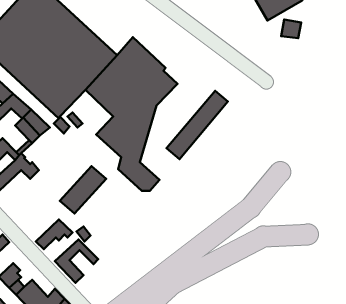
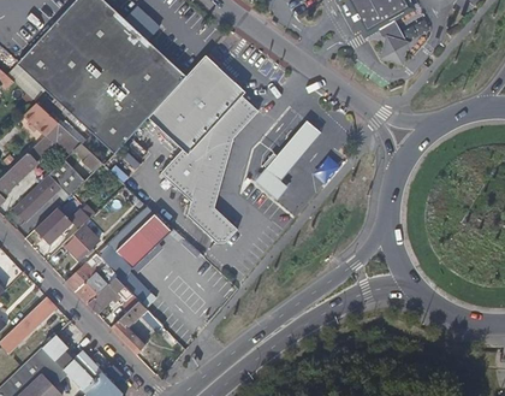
building: none -> [63,224,99,260]
building: none -> [65,260,117,303]

